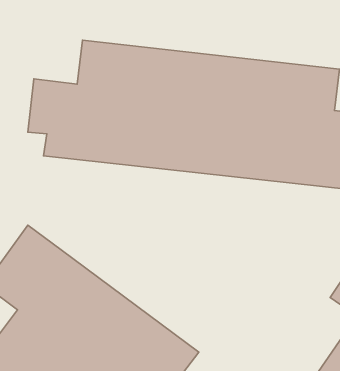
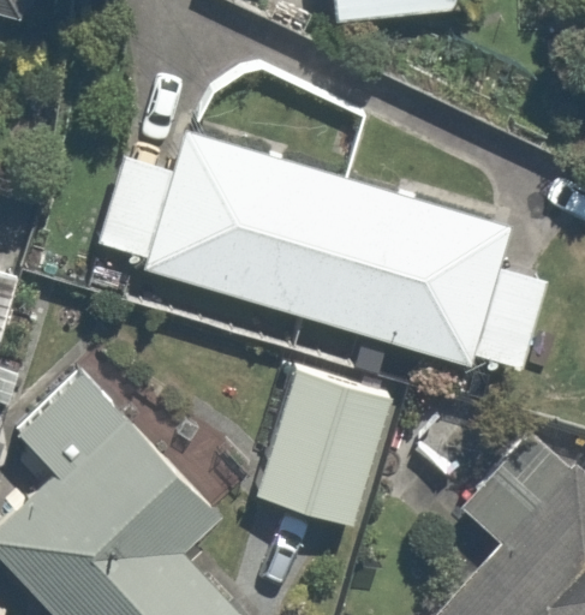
building: none -> [256,366,392,524]

